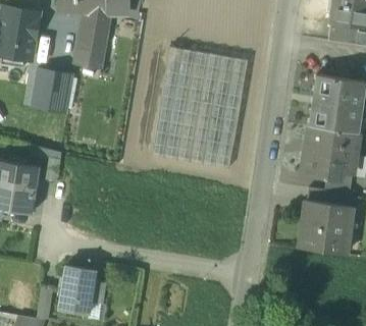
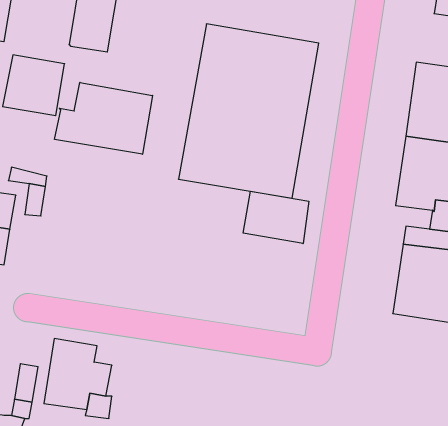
building: none -> [55,82,153,154]
building: none -> [243,191,309,244]

